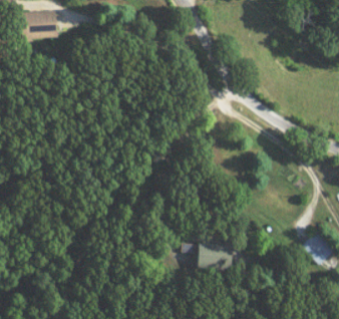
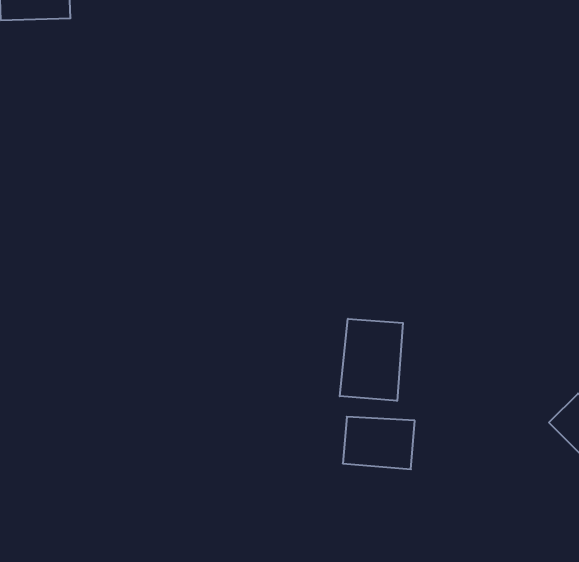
building: none -> [340,319,403,401]

